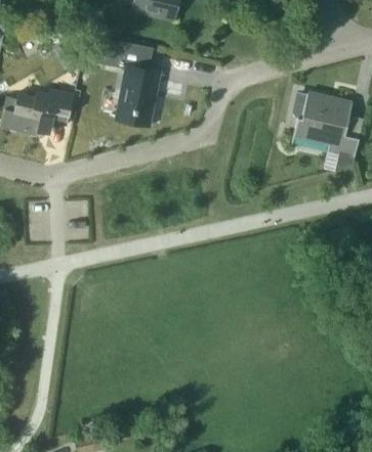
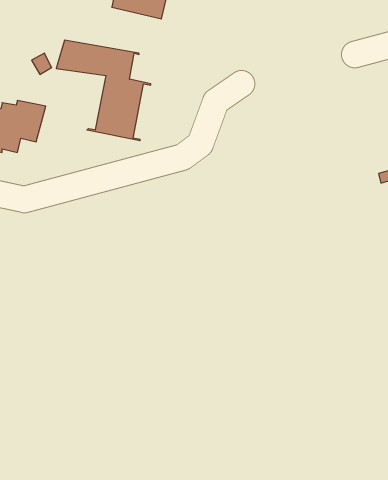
building: [292,92,363,171] -> none

